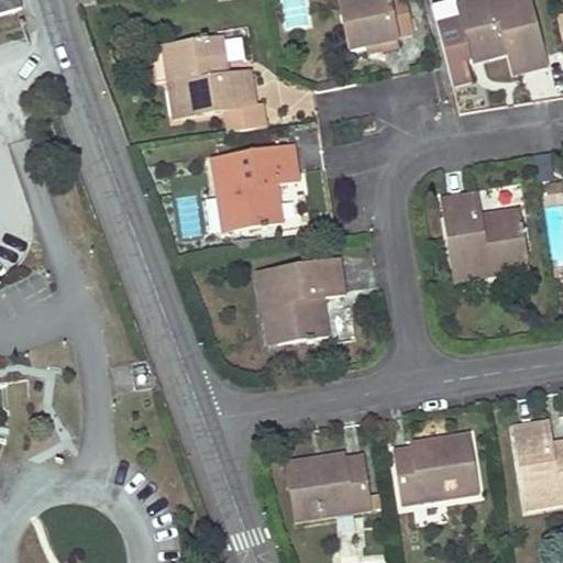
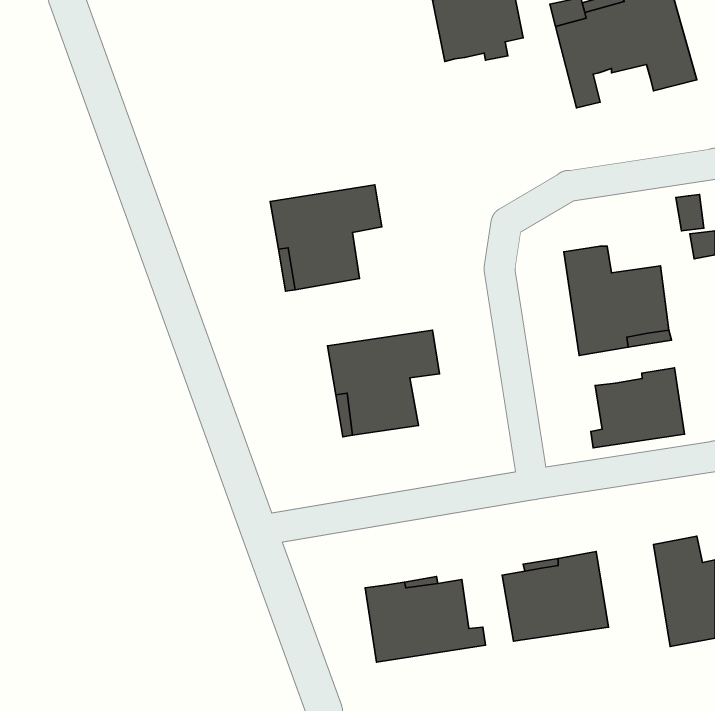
building: [153,36,267,131] -> none
building: none -> [591,368,684,448]

